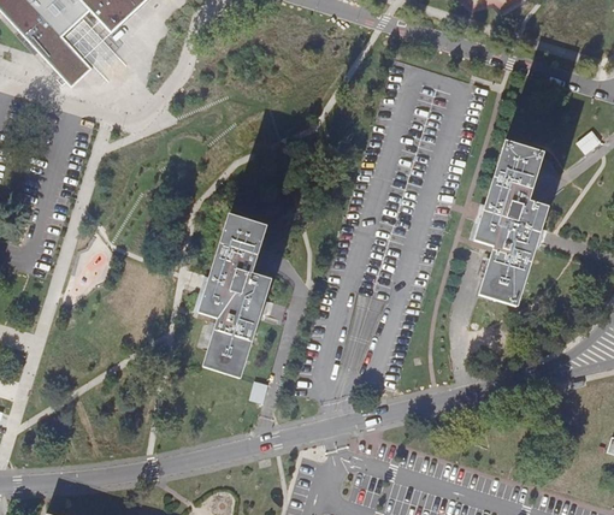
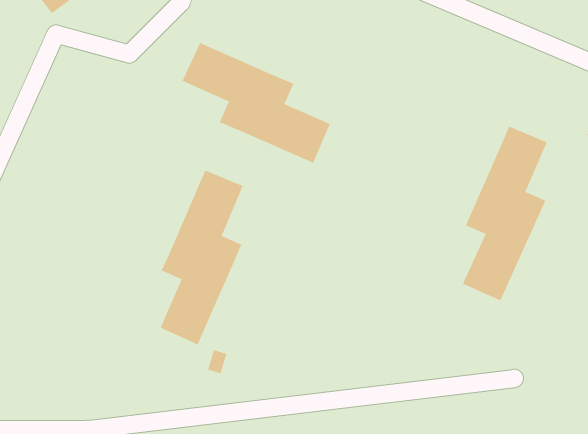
building: none -> [182,42,331,164]

